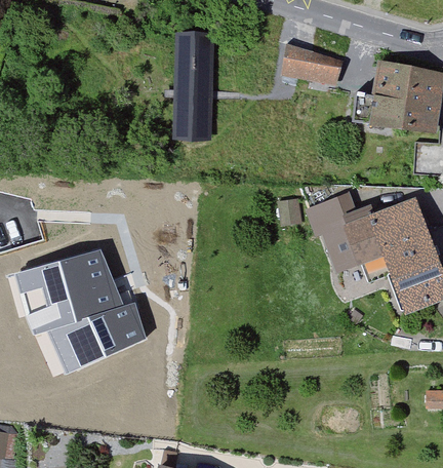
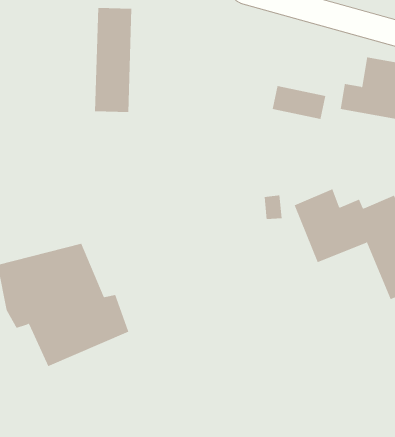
building: [173,32,211,136] -> [94,7,132,113]
building: [285,49,339,83] -> [272,86,326,120]

